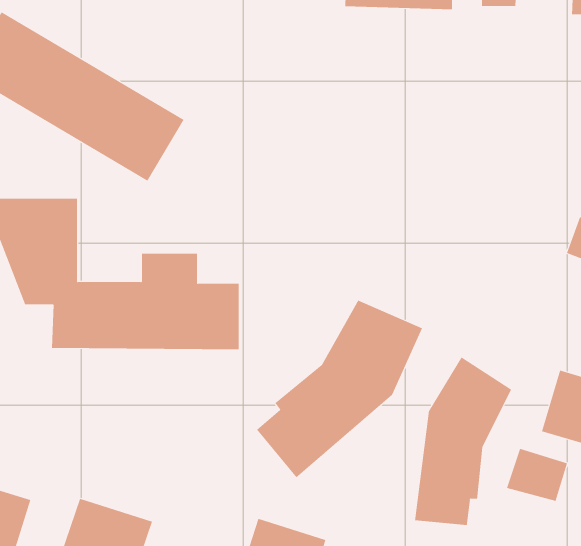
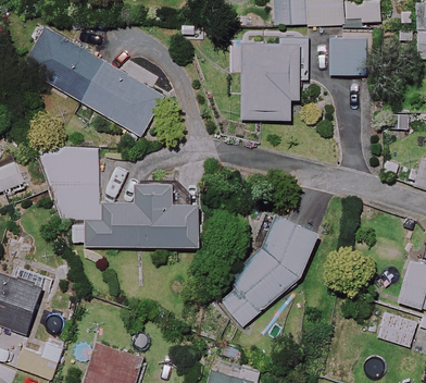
building: none -> [328,40,366,75]
building: none -> [239,41,310,121]
building: [415,357,512,526] -> none

